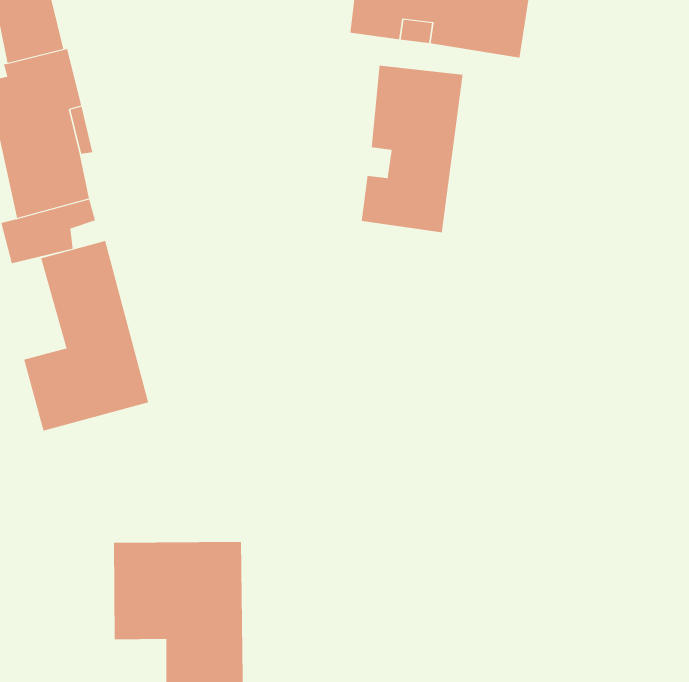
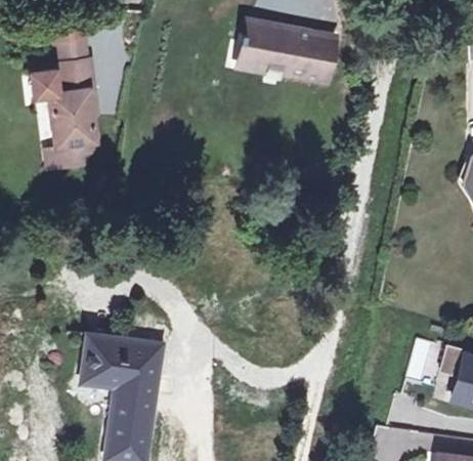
building: [361,65,463,233] -> none
building: [24,240,149,432] -> none

